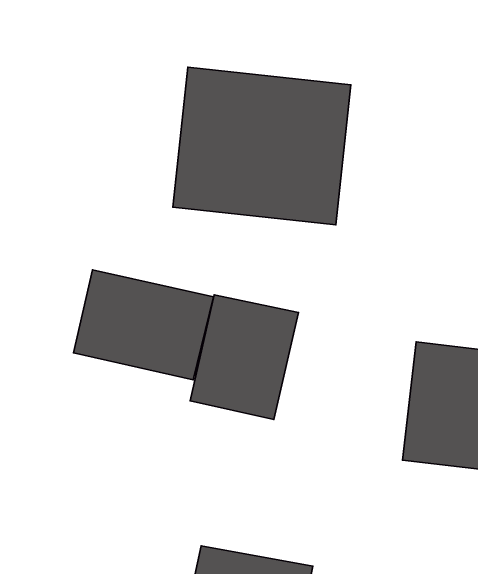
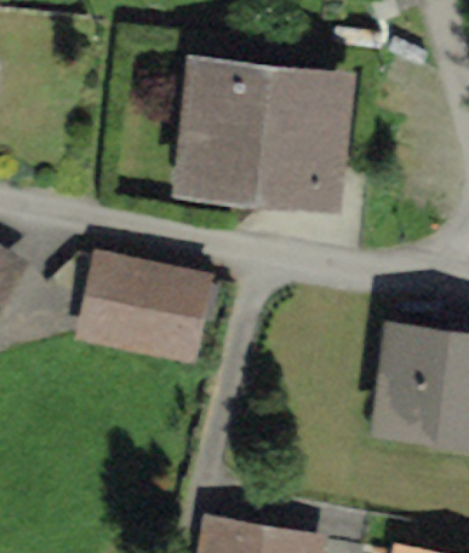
building: [190,295,298,420] -> none

